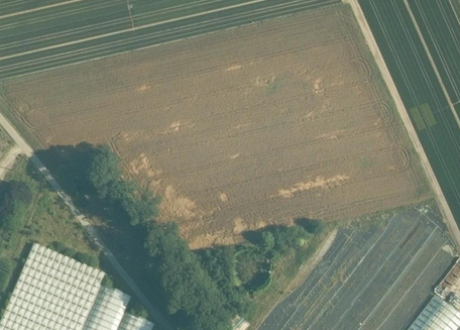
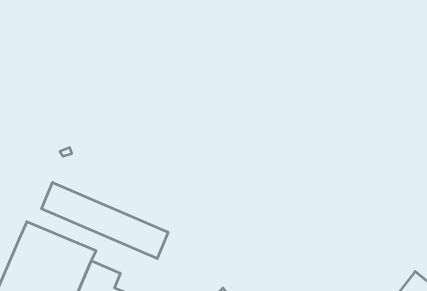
building: none -> [42,182,168,259]

